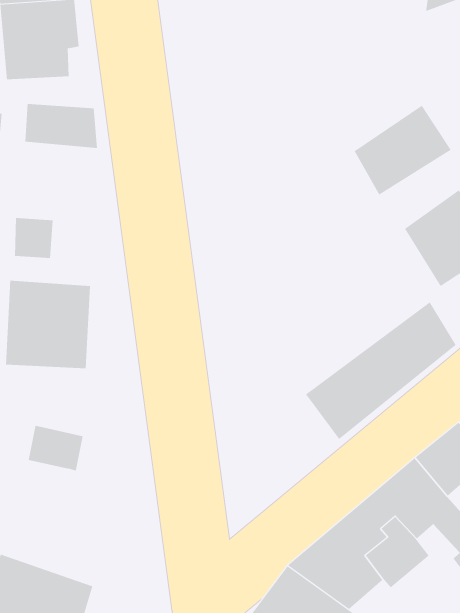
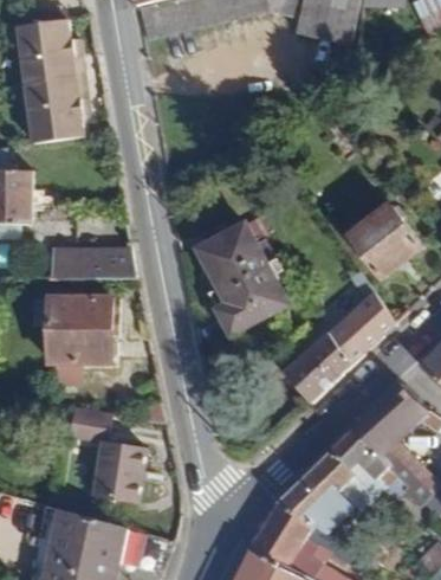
building: [24,103,98,148] -> [78,249,135,279]
building: [354,105,452,196] -> none
building: none -> [197,221,288,337]
building: none -> [96,439,148,502]

